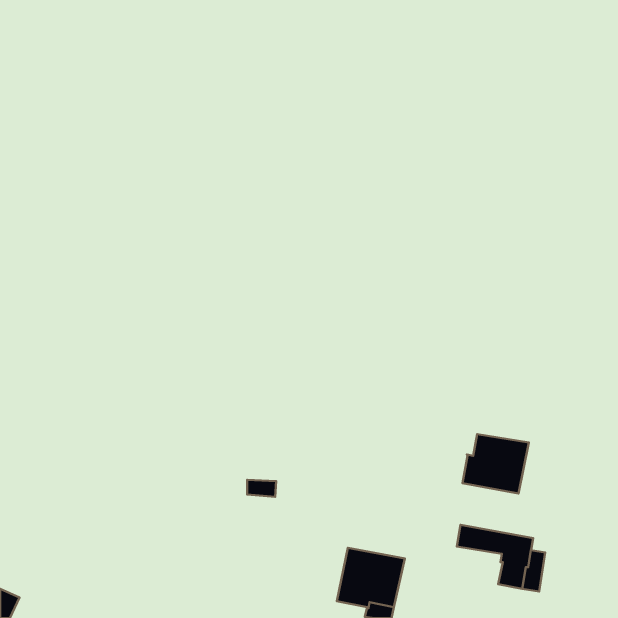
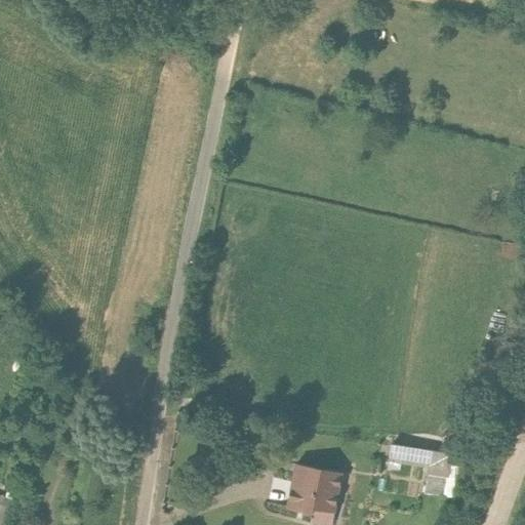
building: [462,434,529,493] -> none

